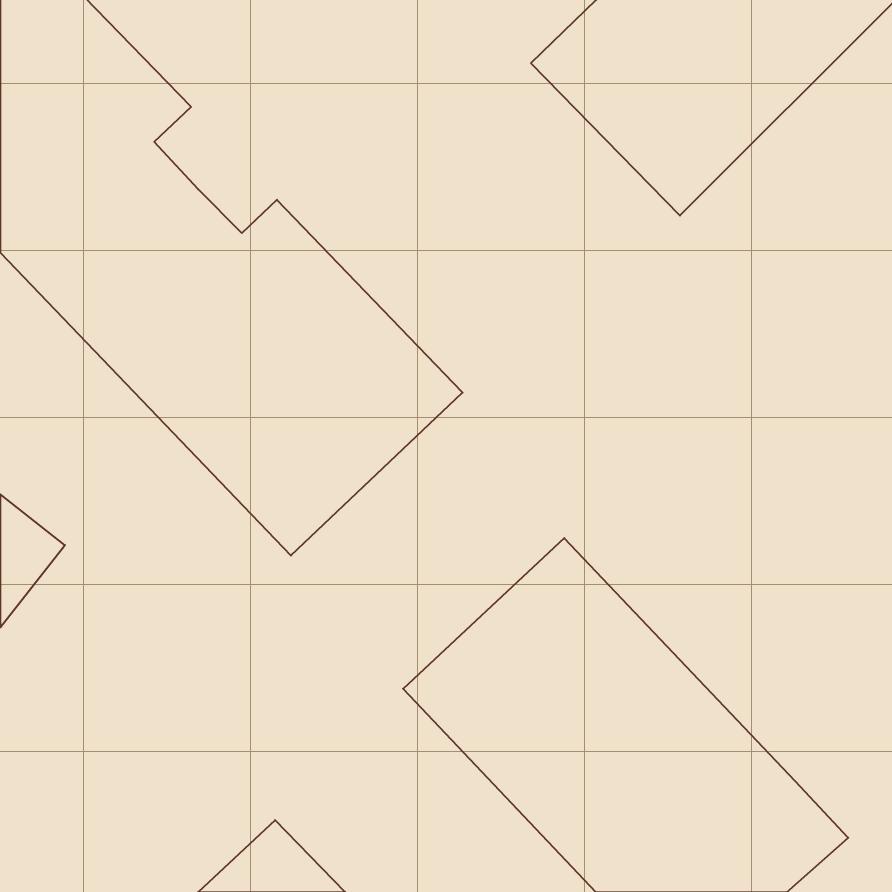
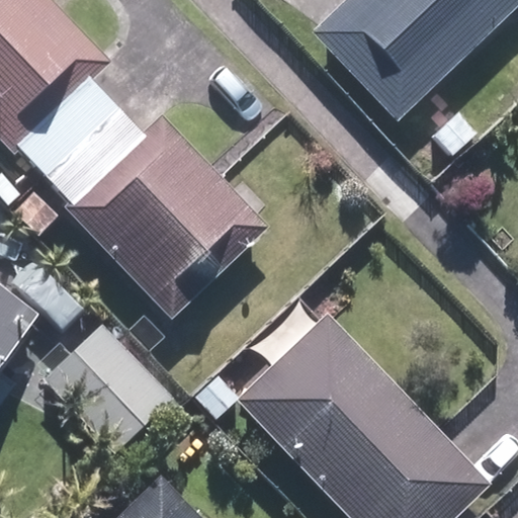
building: none -> [44,326,174,455]

